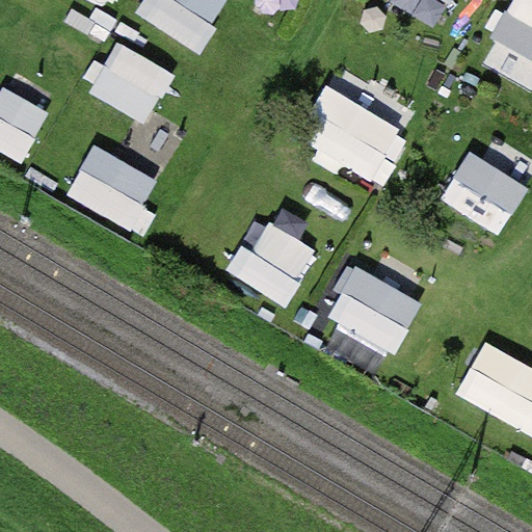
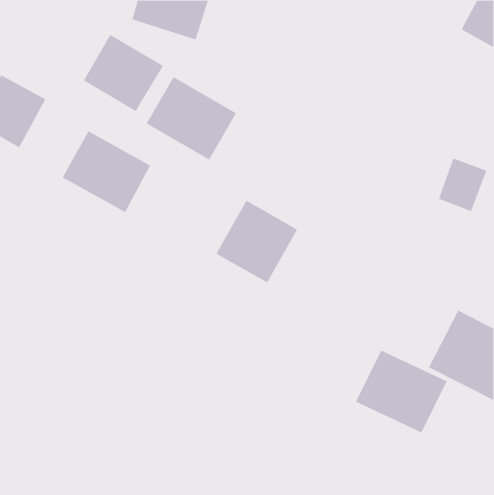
building: [297,86,409,187] -> none
building: none -> [146,76,237,160]
building: [325,266,423,354] -> [355,350,447,433]

